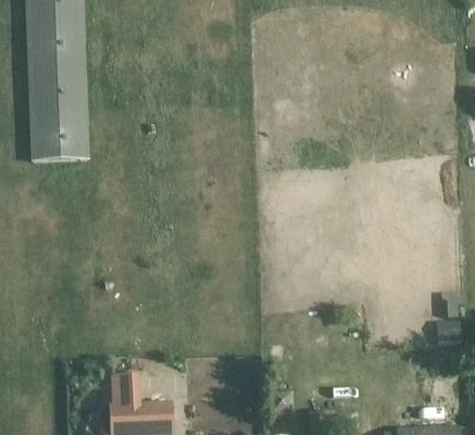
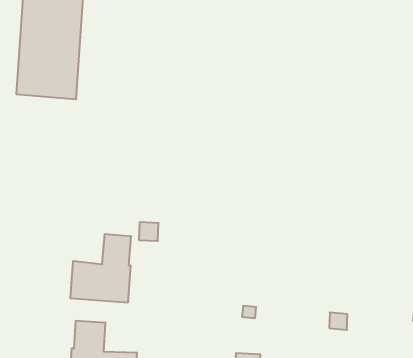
building: none -> [71,234,131,303]

